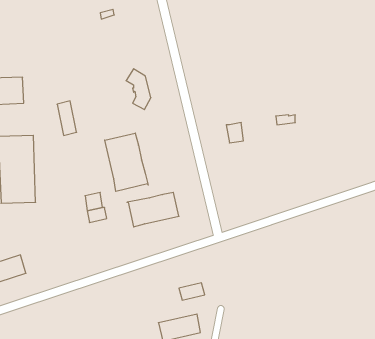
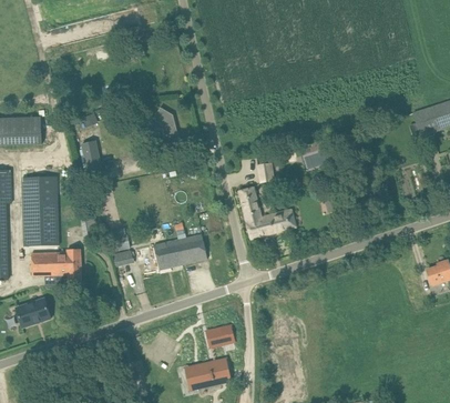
building: [105,133,148,191] -> none
building: none -> [237,187,295,239]
building: none -> [30,250,81,283]

